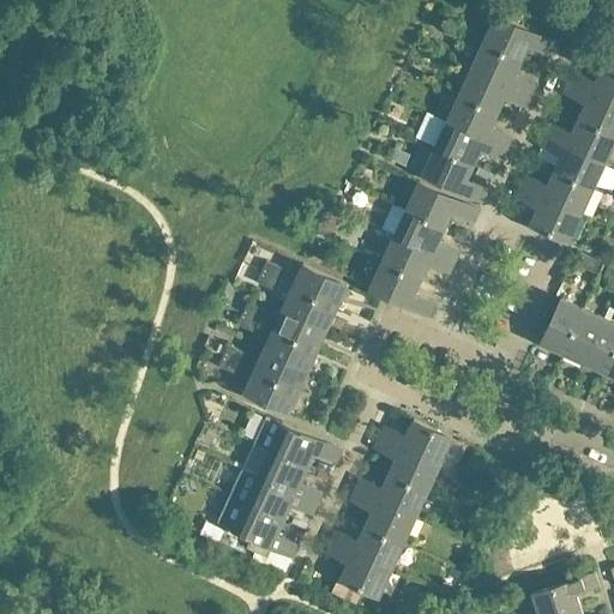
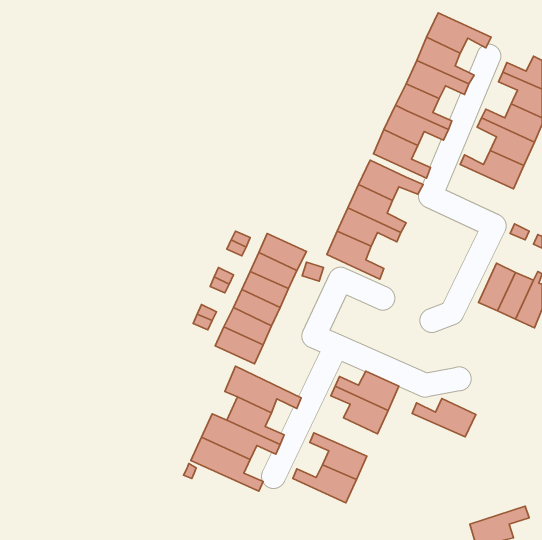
building: [516,188,580,243] -> none
building: [355,475,427,518] -> [412,399,476,437]
building: [326,543,391,598] -> none

